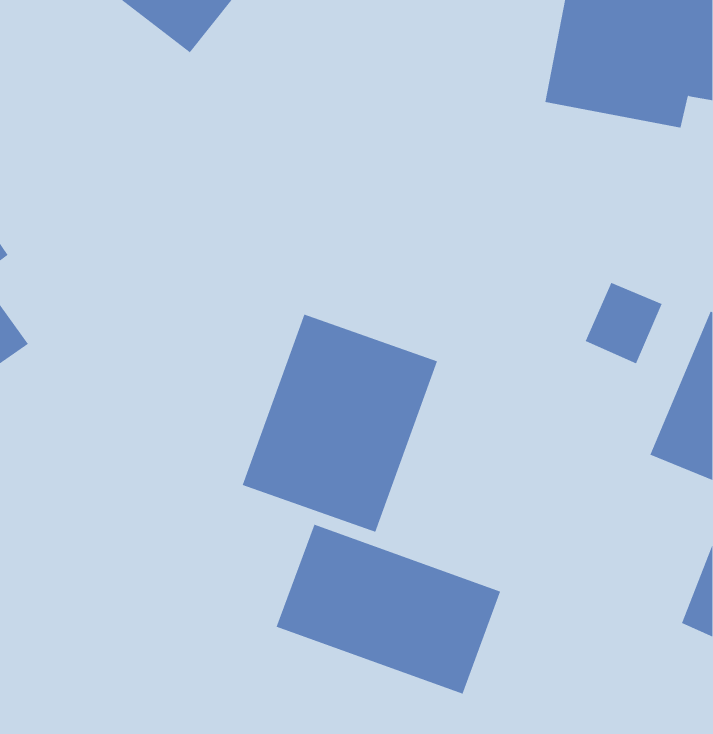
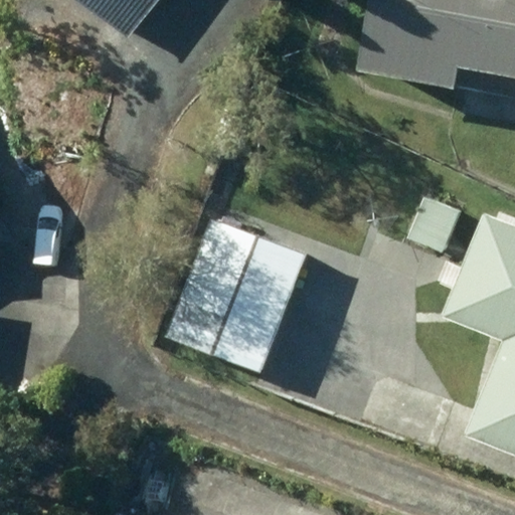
building: [276,524,501,695] -> none

